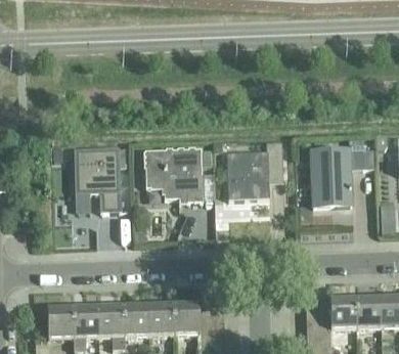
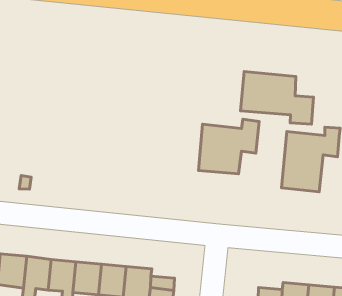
building: none -> [240,71,314,124]
building: [75,147,125,212] -> none
building: [145,147,203,201] -> none

